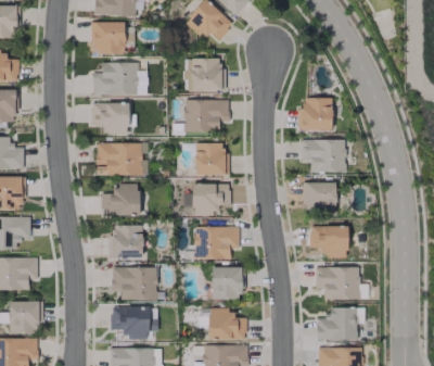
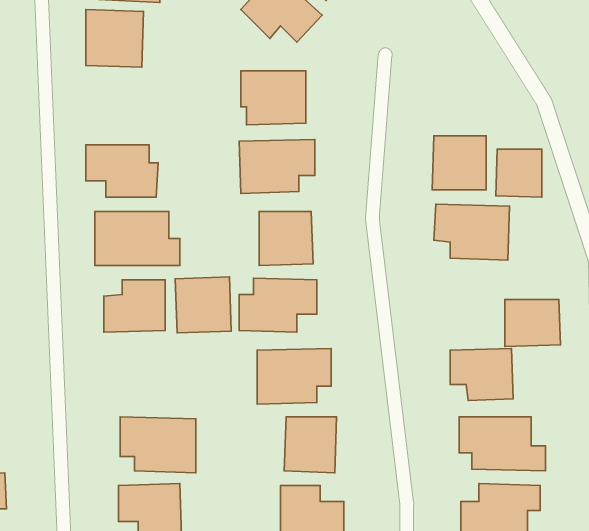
building: [92,63,146,96] -> none
building: none -> [496,149,542,197]
building: [303,182,336,211] -> [505,300,561,346]
building: [110,225,143,258] -> [175,277,231,333]

